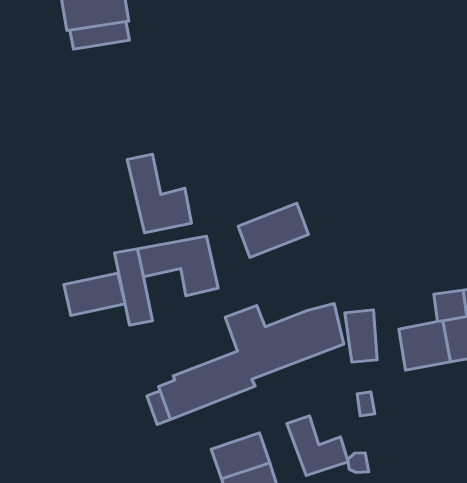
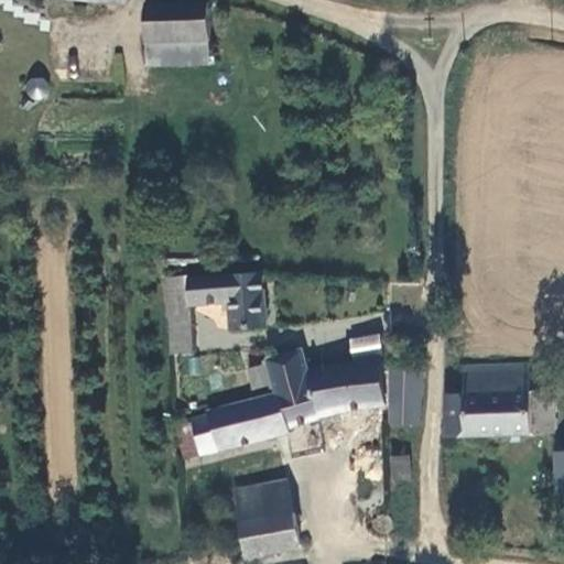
building: [127,154,192,233] -> none
building: [238,203,309,257] -> none
building: [64,273,125,315] -> none
building: [287,416,348,476] -> none

